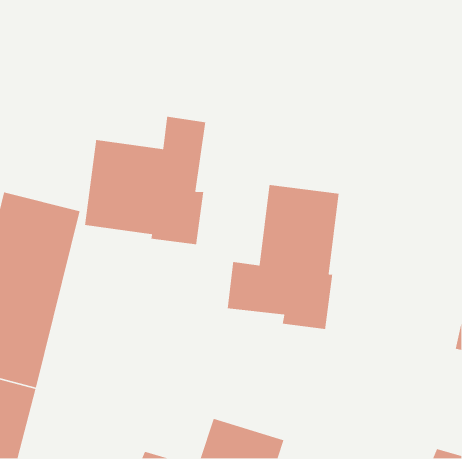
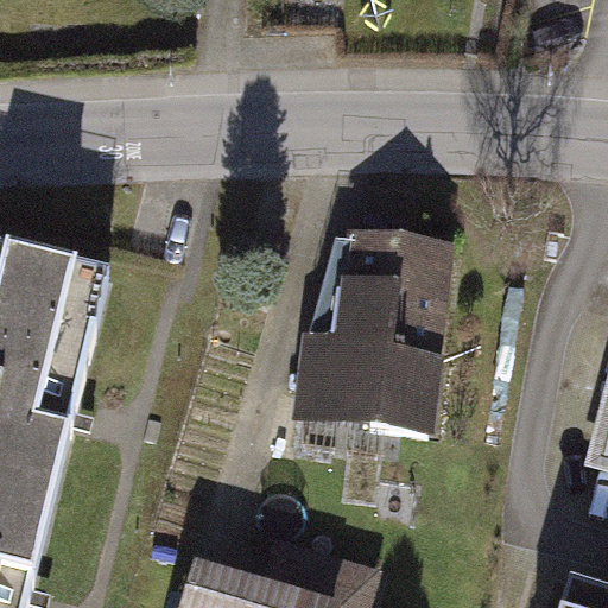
building: [84,116,206,245] -> none

